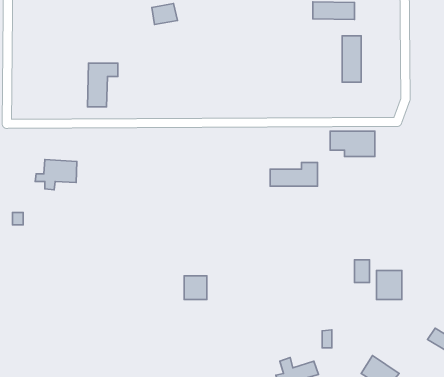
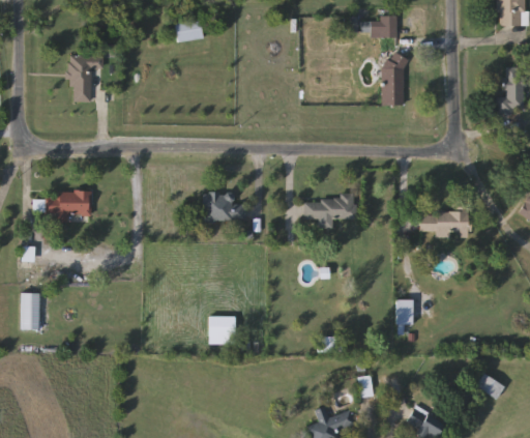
building: [87,63,118,107] -> [69,54,102,101]
building: [330,131,375,157] -> [419,210,468,238]
building: none -> [204,193,243,221]
building: none -> [22,293,39,328]
building: [376,271,402,299] -> none

